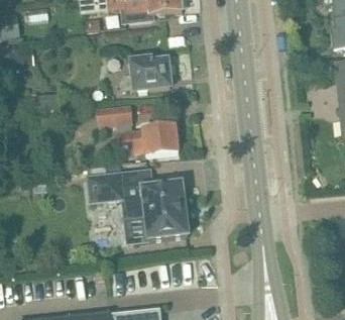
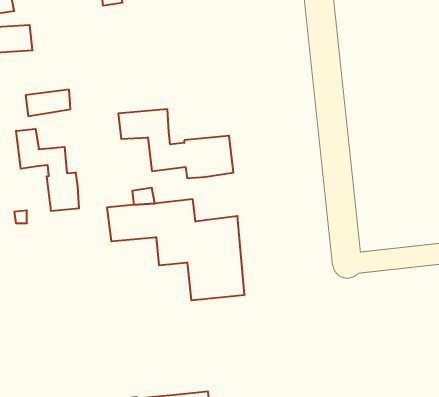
building: [116,58,170,91] -> none
building: none -> [16,129,79,211]

